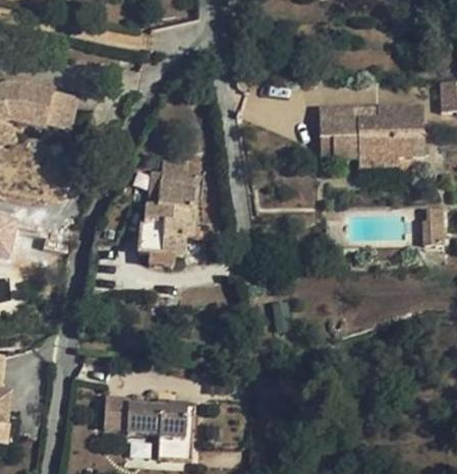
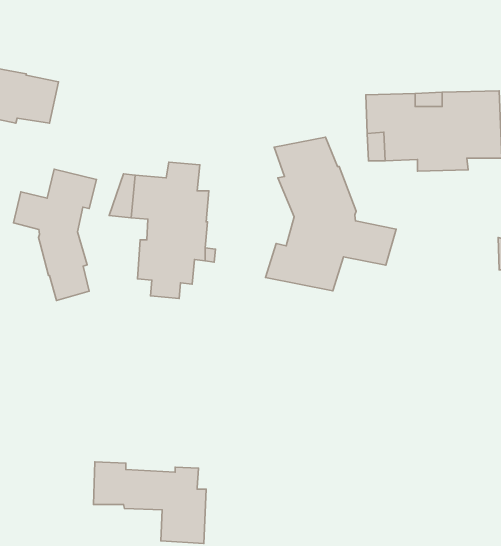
building: none -> [265,137,396,291]
building: none -> [14,169,96,300]

